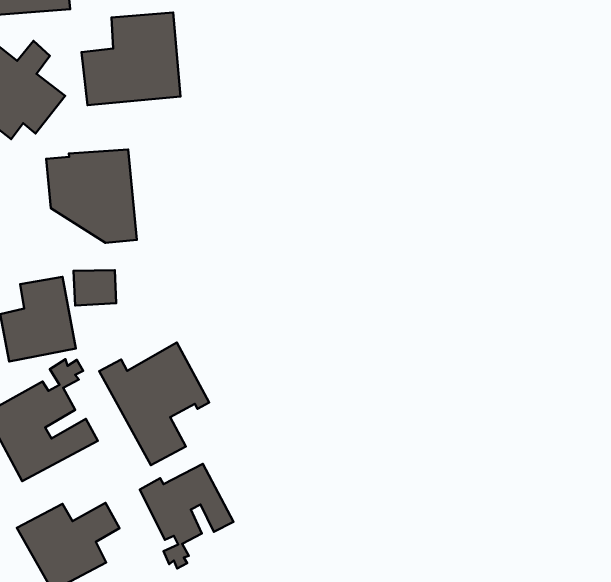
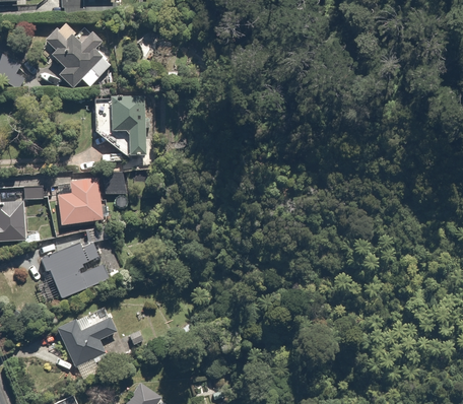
building: [82,12,181,105] -> none
building: [99,342,209,465] -> none
building: [140,464,234,568] -> none

